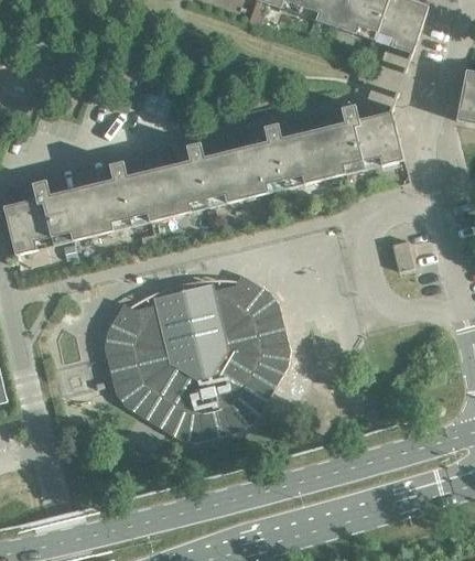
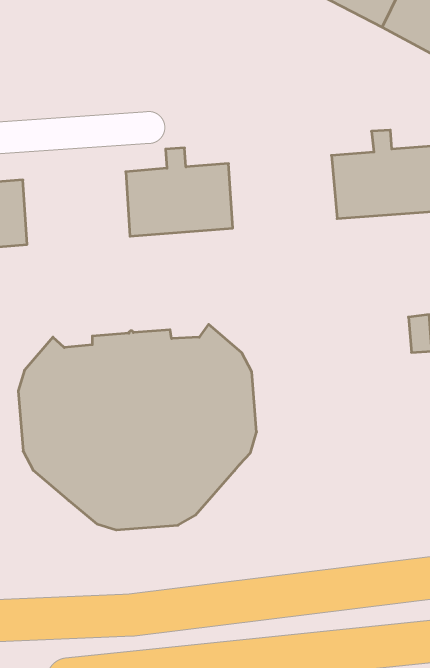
building: [236,122,325,197] -> none
building: [82,161,170,235] -> none

